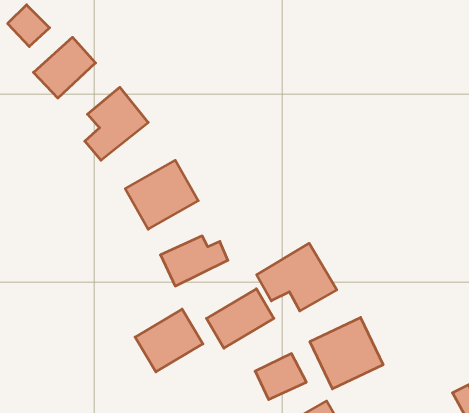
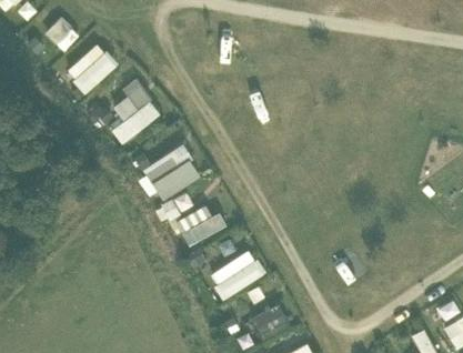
building: [257,243,337,311] -> none
building: [135,309,203,372] -> none
building: [310,317,383,389] -> none

